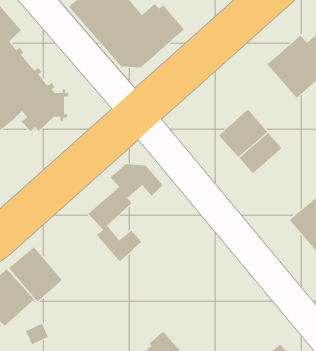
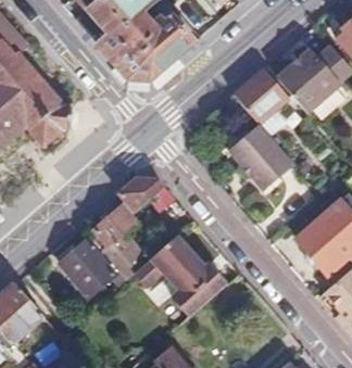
building: none -> [234,71,286,122]
building: none -> [134,239,226,313]
building: [8,247,63,302] -> [59,240,114,296]

